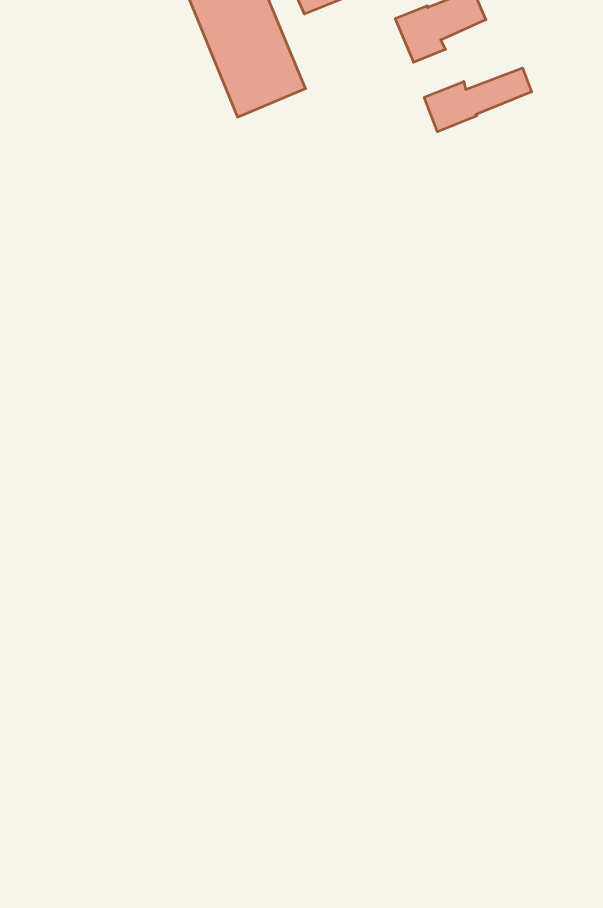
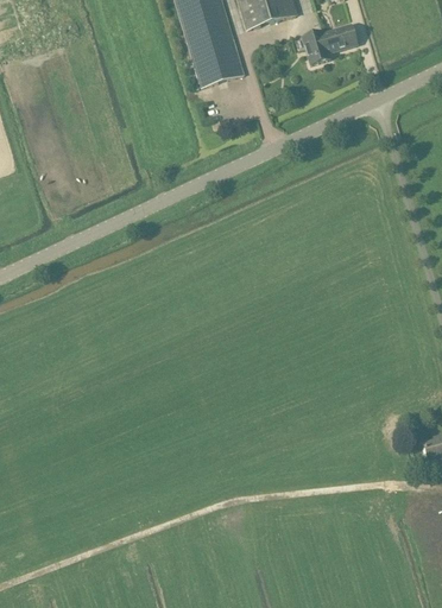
building: [424,68,532,132] -> none

